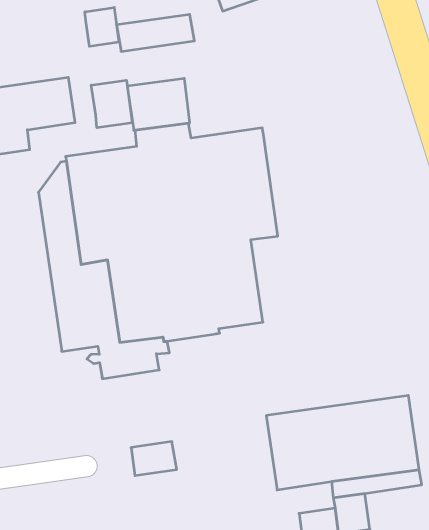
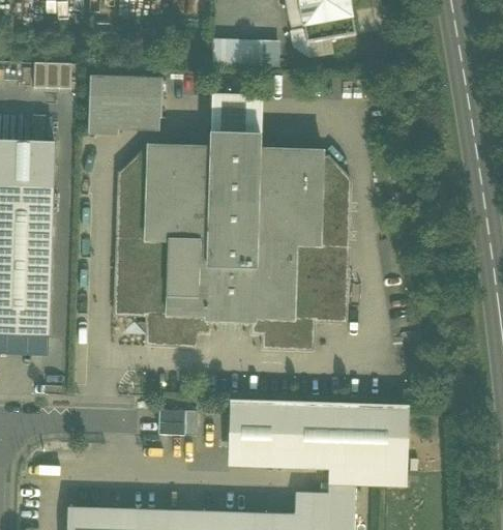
building: [85,7,119,46] -> none
building: [91,80,132,128] -> none
building: none -> [252,155,351,350]
building: none -> [228,400,283,468]

